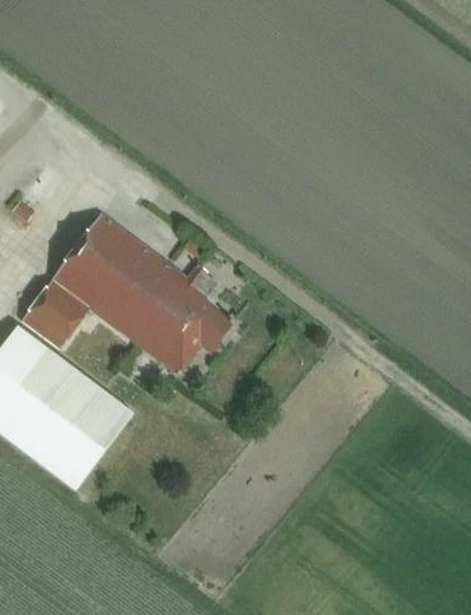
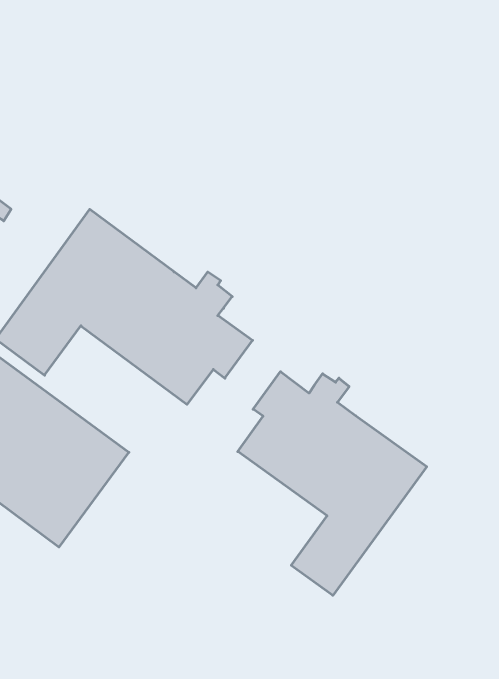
building: none -> [238,372,427,595]

